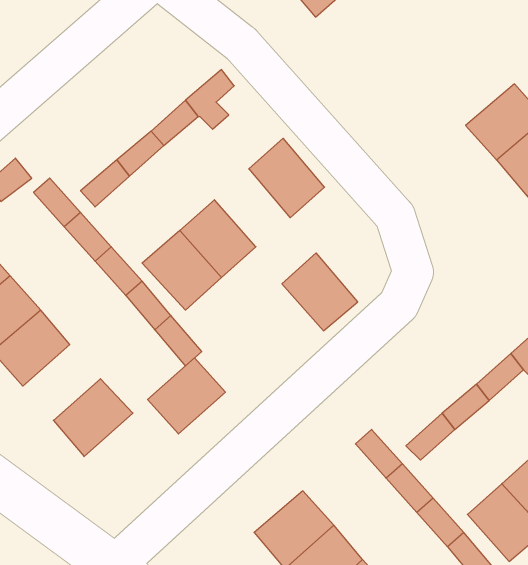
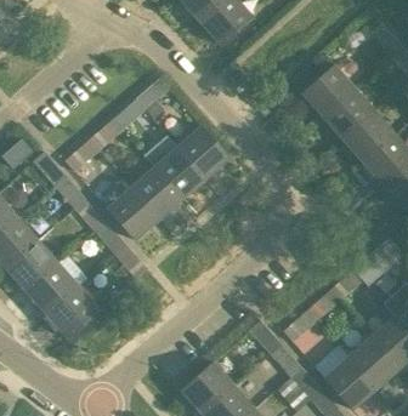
building: none -> [302,64,356,116]
building: [282,253,358,331] -> [154,146,205,198]
building: [148,358,225,434] -> [26,263,78,314]

